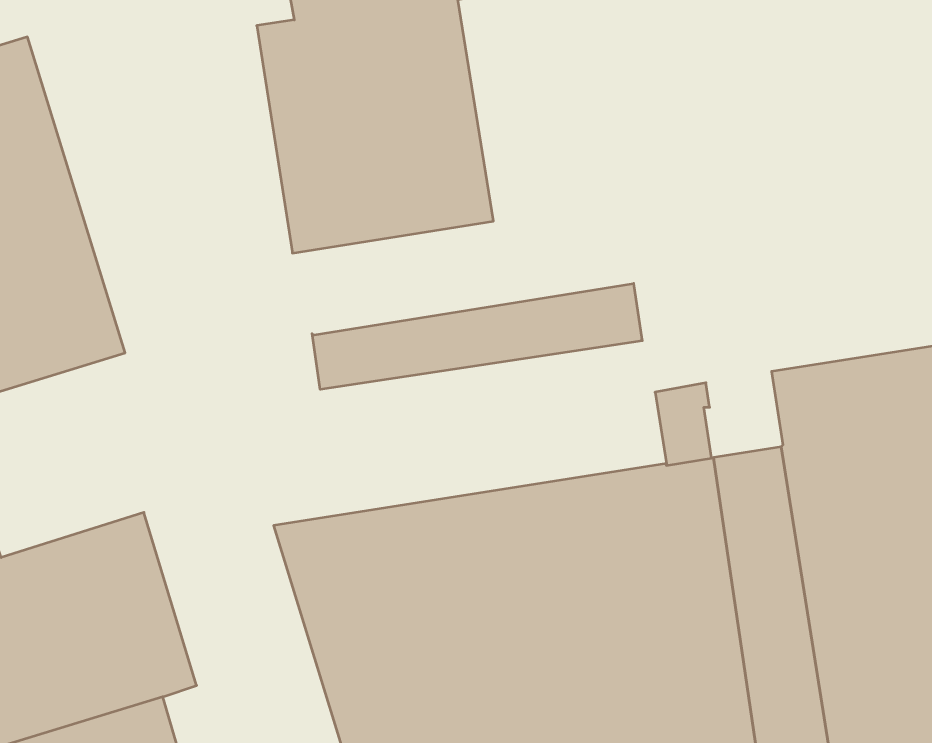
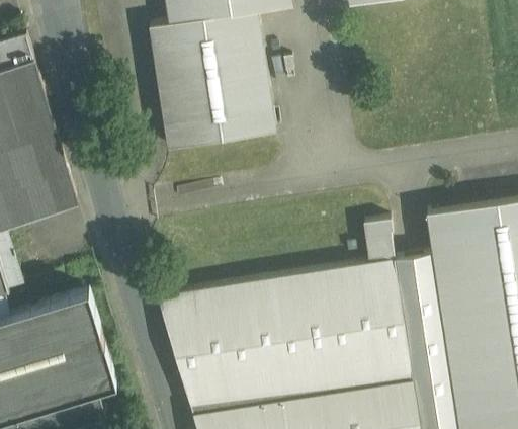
building: [312,283,642,389] -> none

